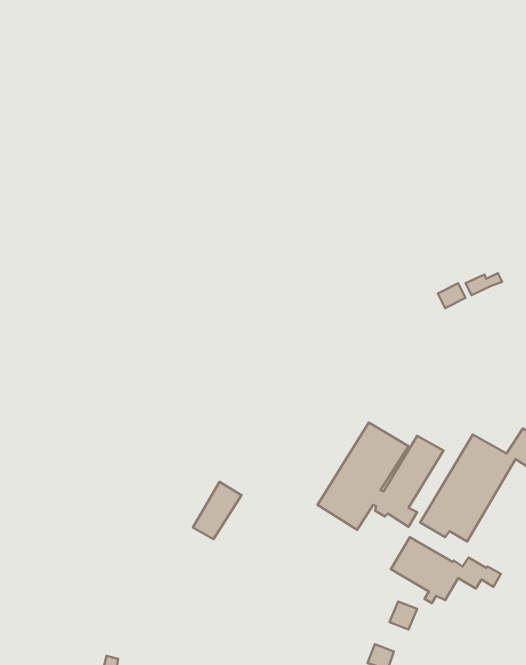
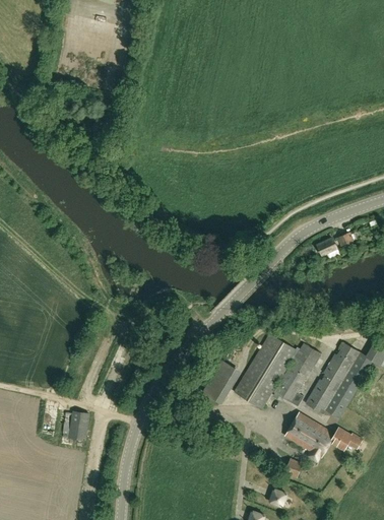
building: [193,482,241,539] -> [203,361,237,400]
building: none -> [61,411,89,441]

